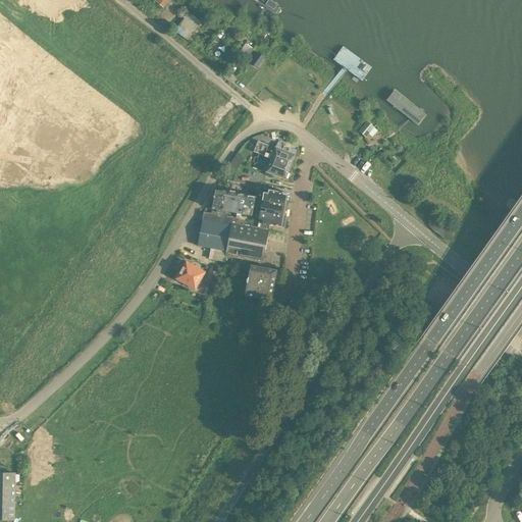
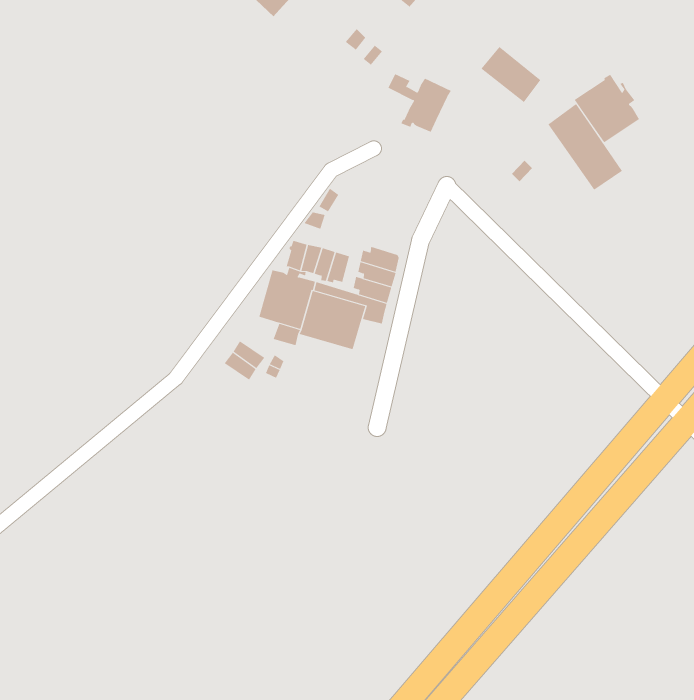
building: none -> [574,74,640,143]
building: [252,140,296,177] -> [387,73,452,133]
building: [244,263,275,298] -> none

